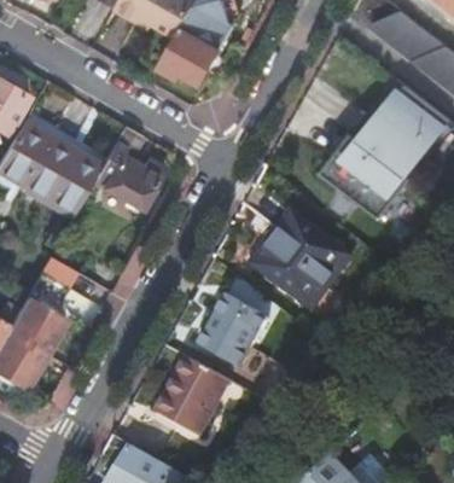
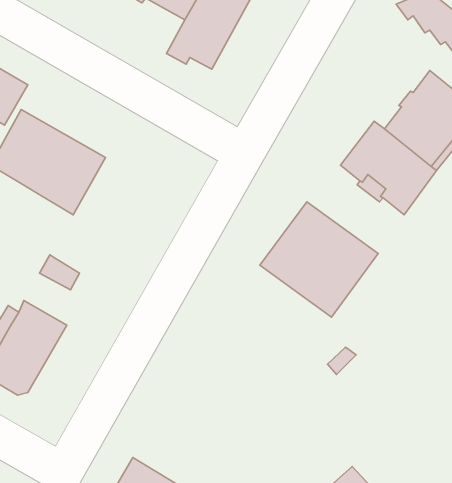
building: [92,126,165,210] -> none
building: [199,292,269,367] -> none
building: [157,355,226,436] -> none

